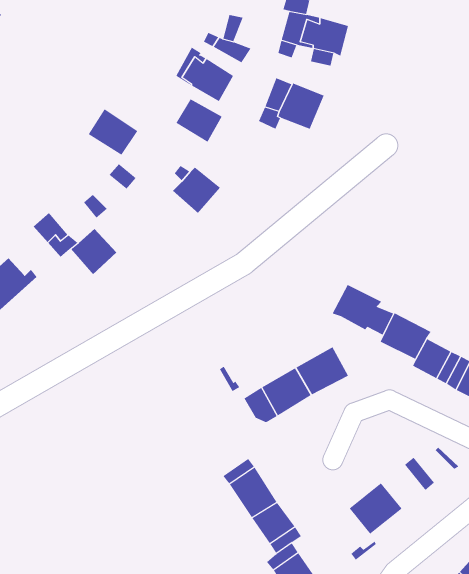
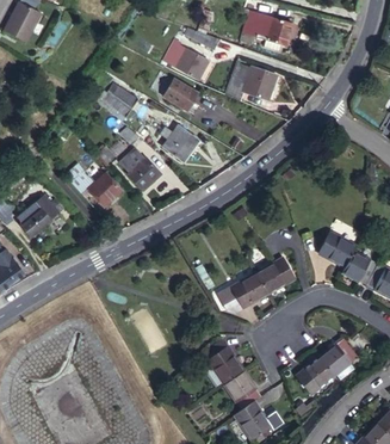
building: none -> [125,149,162,187]
building: [332,284,394,336] -> none
building: none -> [318,345,351,377]

